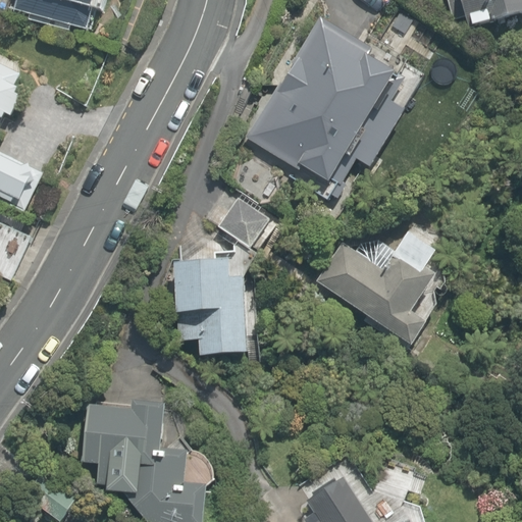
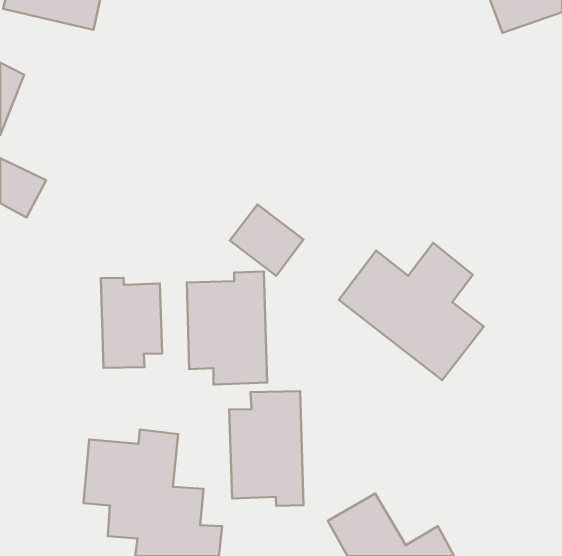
building: [242,16,429,208] -> none
building: none -> [101,278,162,368]
building: none -> [229,391,304,506]

